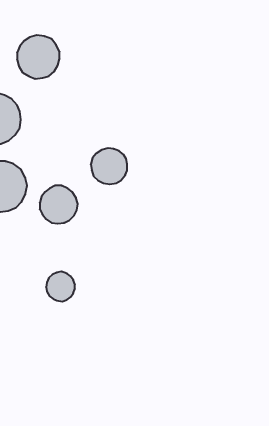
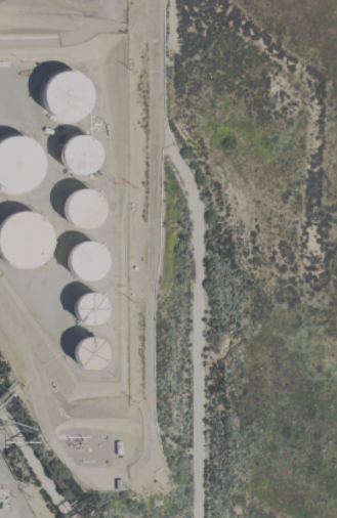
building: none -> [62,133,103,173]
building: [91,148,127,184] -> [65,188,106,229]
building: none -> [75,292,108,323]

